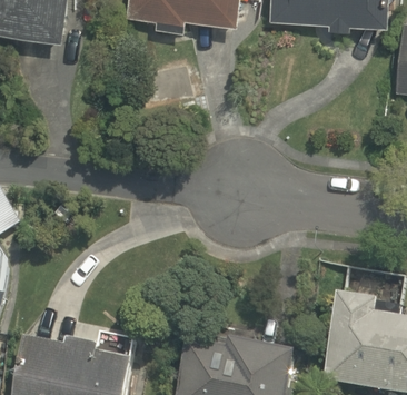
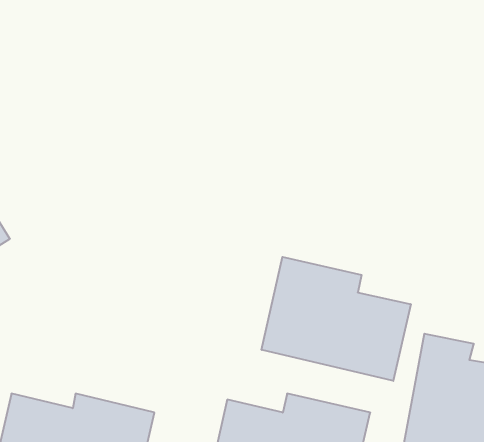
building: none -> [262,257,411,381]

